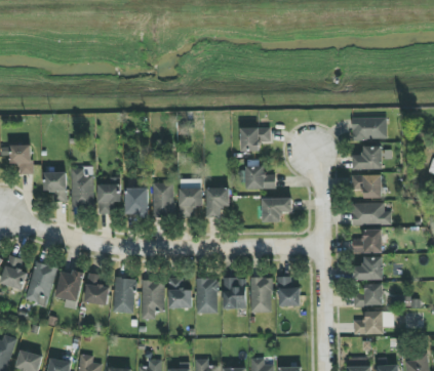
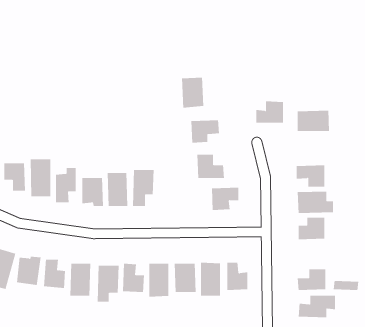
building: none -> [182,77,204,108]
building: [352,146,382,169] -> [256,101,284,123]
building: [206,188,230,218] -> none
building: [353,256,383,280] -> none

